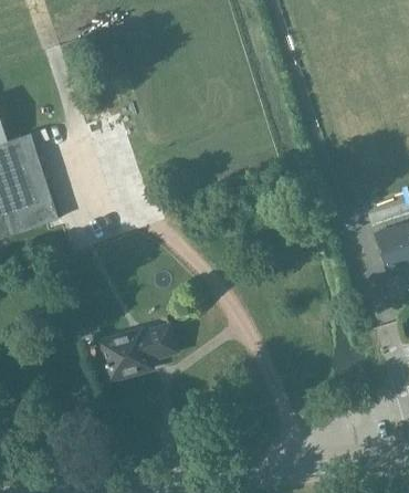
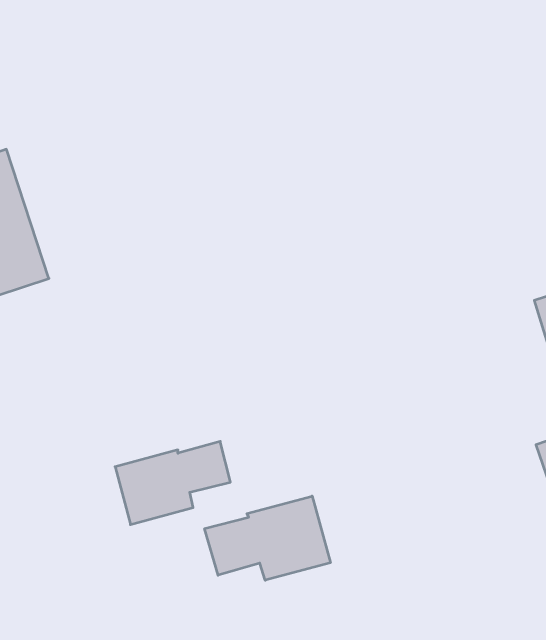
building: none -> [205,496,330,580]

